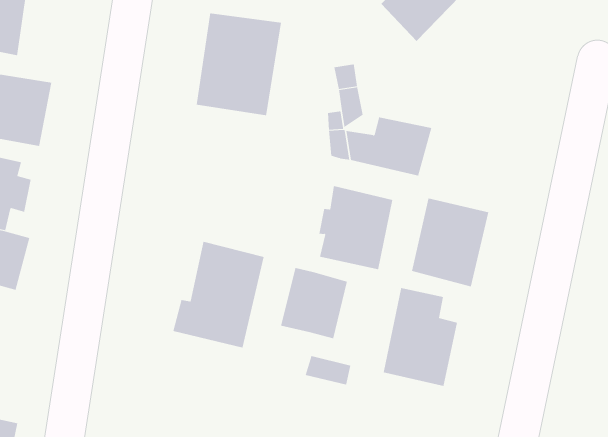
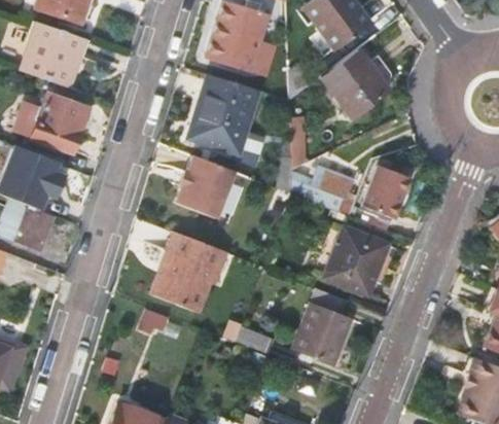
building: none -> [362,164,413,218]
building: [319,185,393,270] -> [176,154,235,219]
building: [280,267,347,339] -> none

